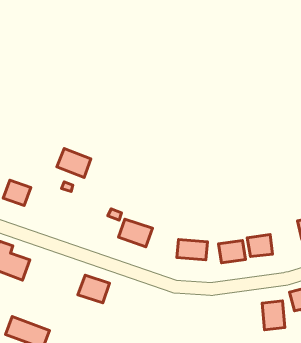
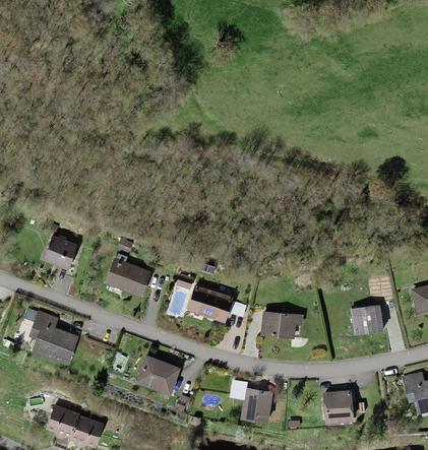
building: [57,148,91,178] -> [105,259,147,296]
building: [218,240,246,263] -> none
building: none -> [235,388,270,422]
building: [262,301,285,330] -> [323,390,352,427]

